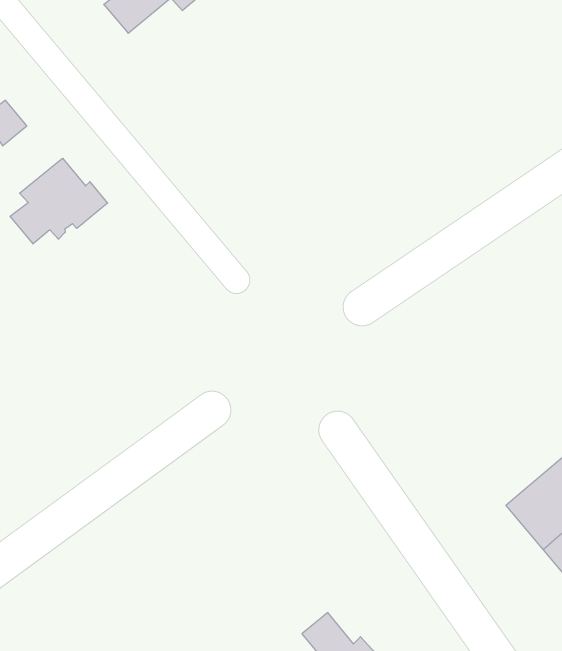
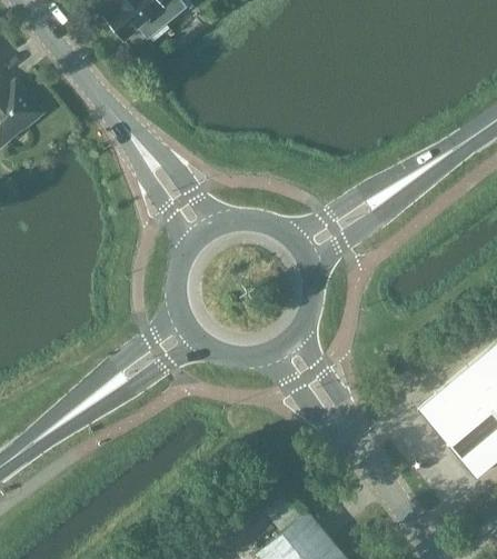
building: [10,158,108,244] -> none

